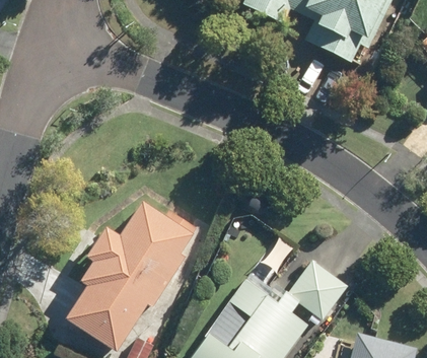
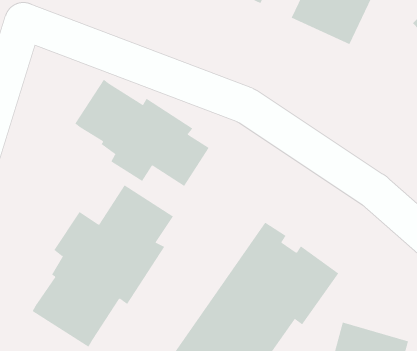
building: none -> [74,79,210,187]

